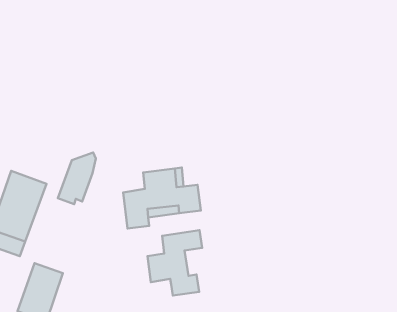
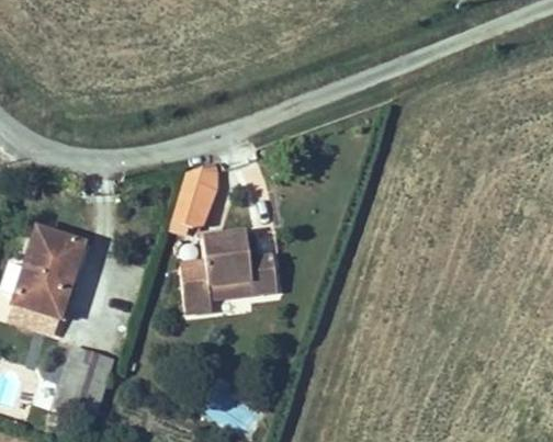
building: [58,152,96,204] -> [178,156,226,222]
building: [147,230,202,296] -> none

